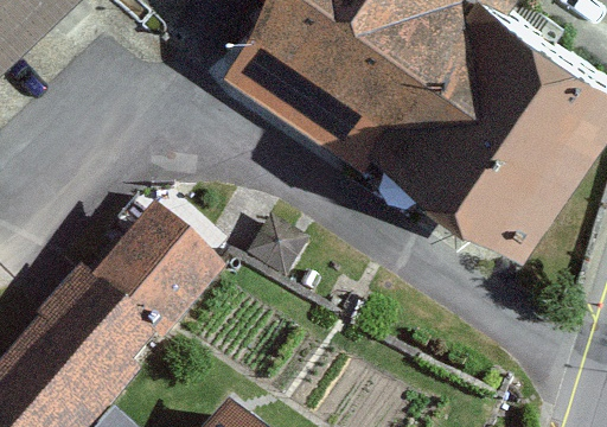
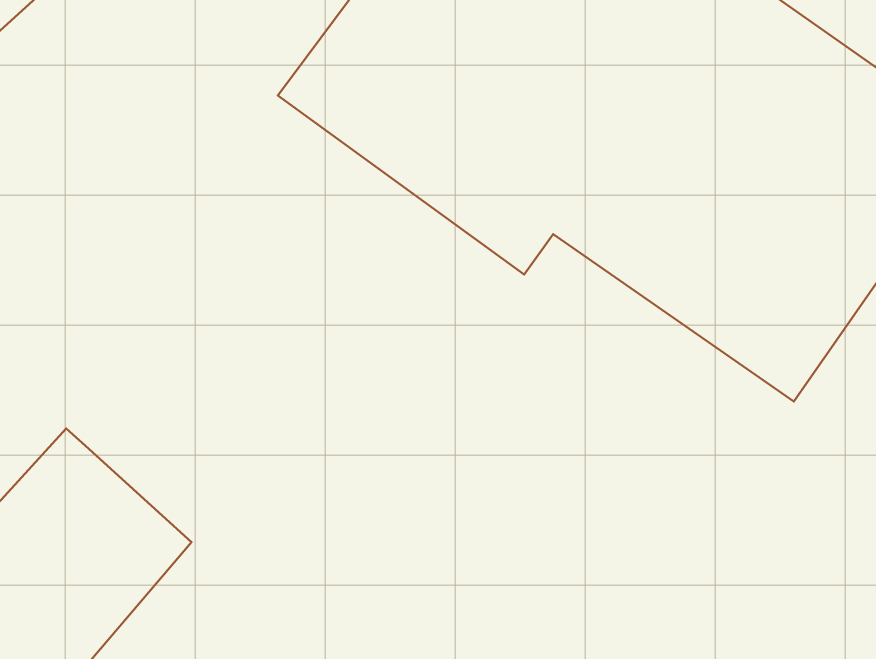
building: [94,208,228,343] -> none

